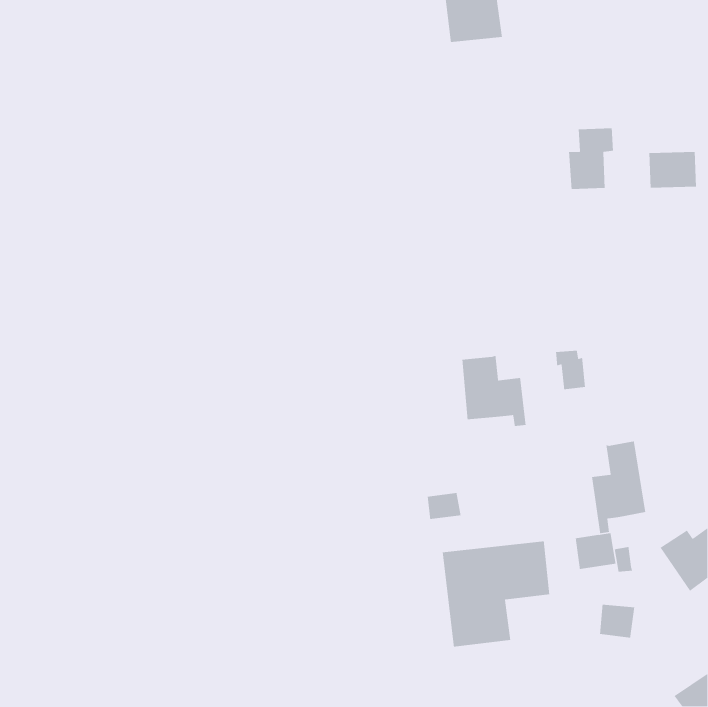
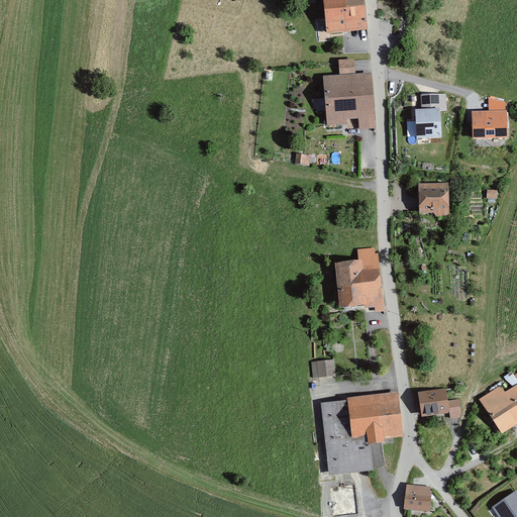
building: none -> [321,72,376,128]
building: none -> [419,182,449,214]
building: [555,350,586,390] -> [357,247,380,277]
building: [591,441,646,534] -> none
building: [599,604,635,639] -> [405,485,431,510]

